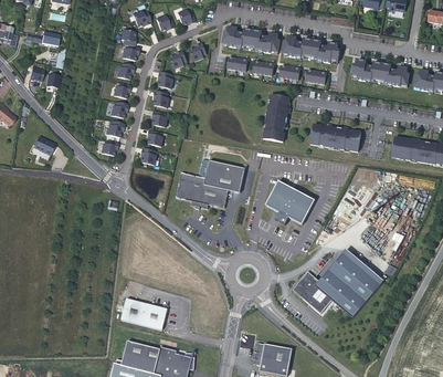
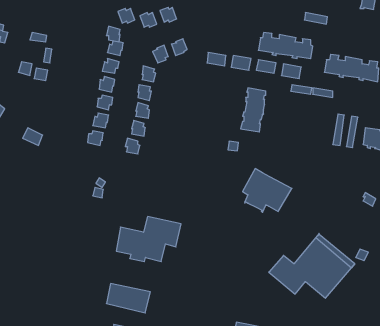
building: [221,25,278,54] -> none
building: [309,124,360,151] -> none
building: [176,159,244,207] -> [116,217,181,262]

